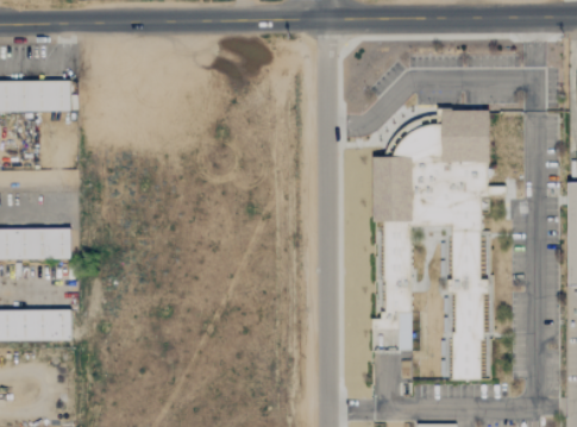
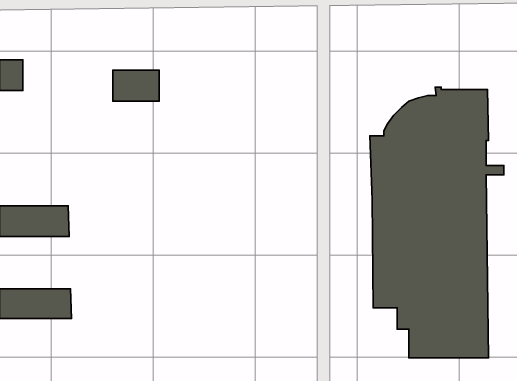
building: [24,80,70,111] -> [113,70,159,101]

